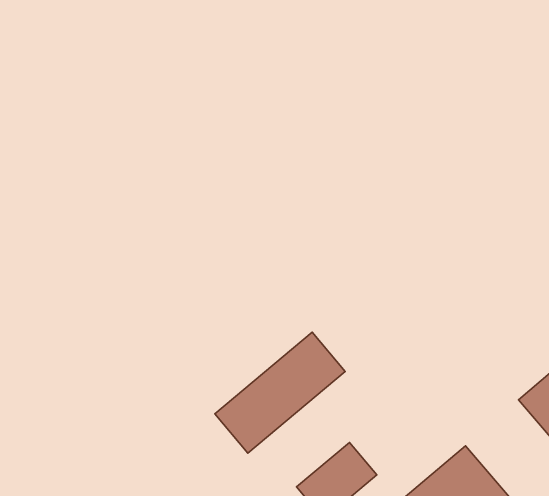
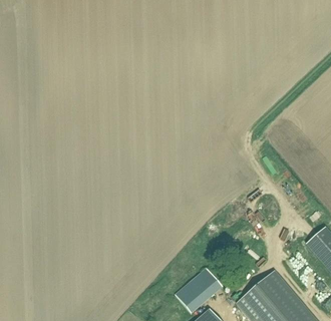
building: [215,332,345,453] -> none

